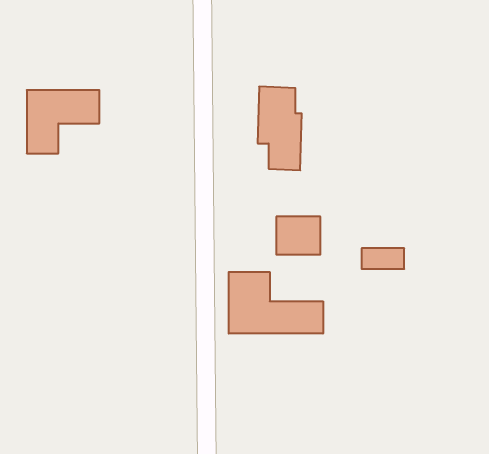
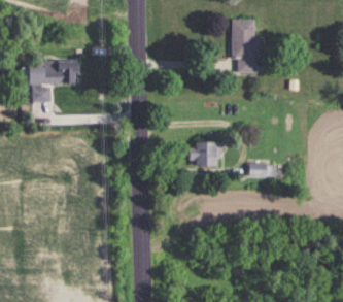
building: [258,87,302,170] -> [232,19,261,73]
building: [229,272,323,334] -> none

